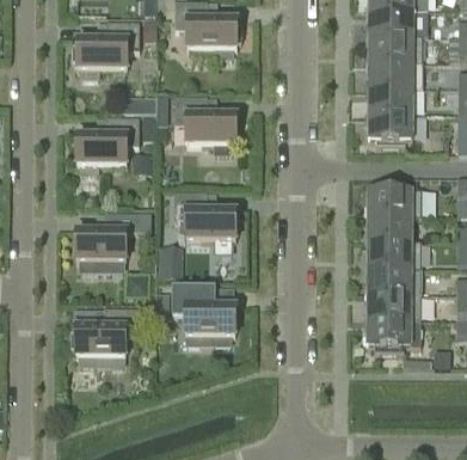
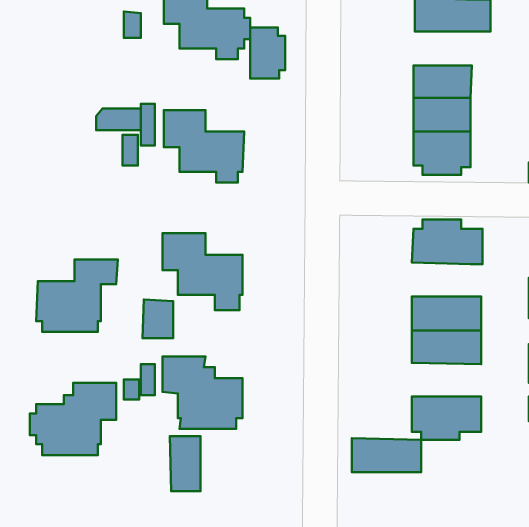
building: [73,20,140,76] -> none
building: none -> [250,27,285,79]
building: [368,35,423,61] -> none
building: [76,116,139,172] -> none
building: [367,214,412,240] -> none
building: [367,292,420,318] -> [352,438,421,472]
building: none -> [170,436,200,491]

